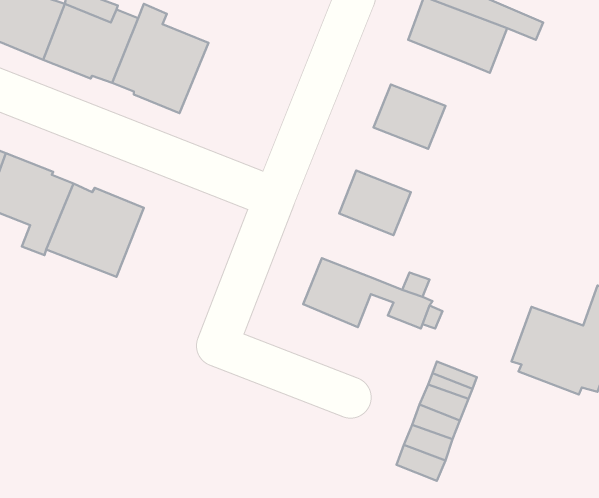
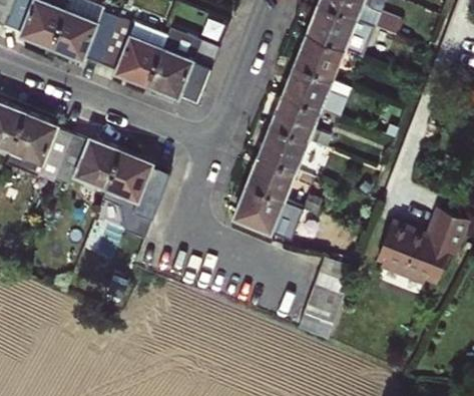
building: none -> [146,29,219,102]
building: none -> [294,34,344,80]
building: none -> [270,95,330,147]
building: none -> [102,151,171,220]
building: none -> [246,155,296,202]

